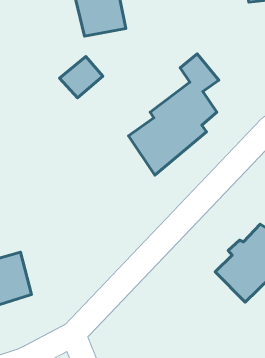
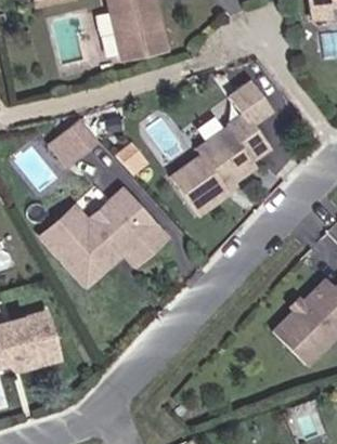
building: [59,56,103,98] -> [50,118,100,166]
building: none -> [39,185,172,290]

